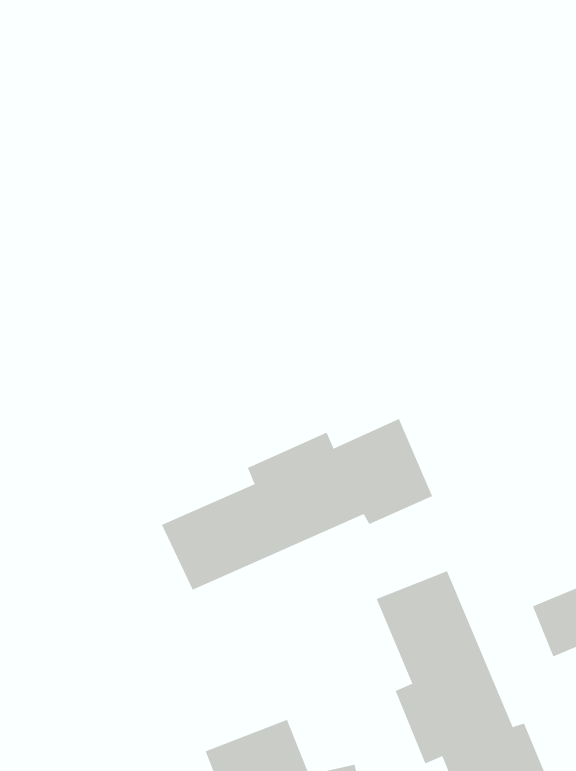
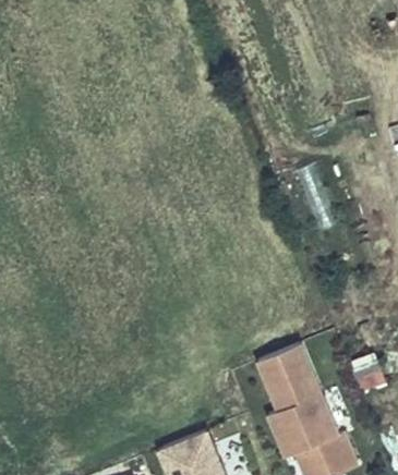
building: [161,418,433,590] -> none

